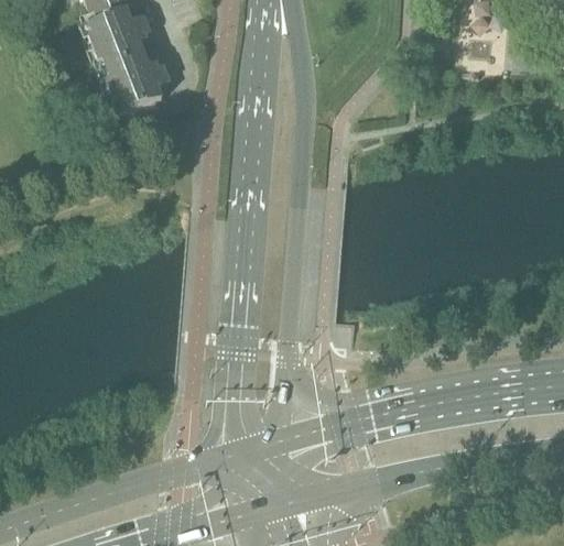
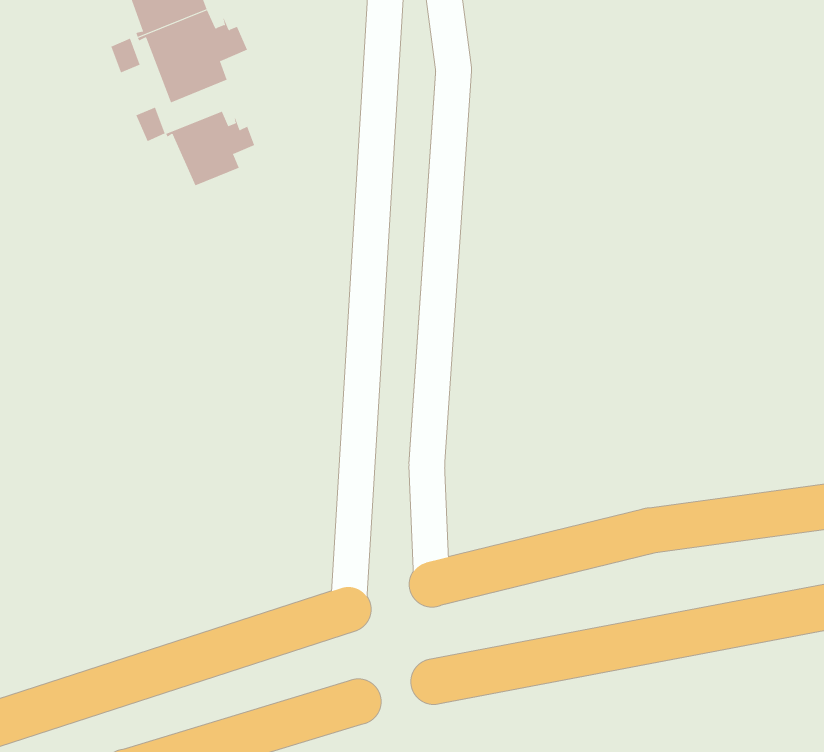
building: none -> [166,111,255,186]

